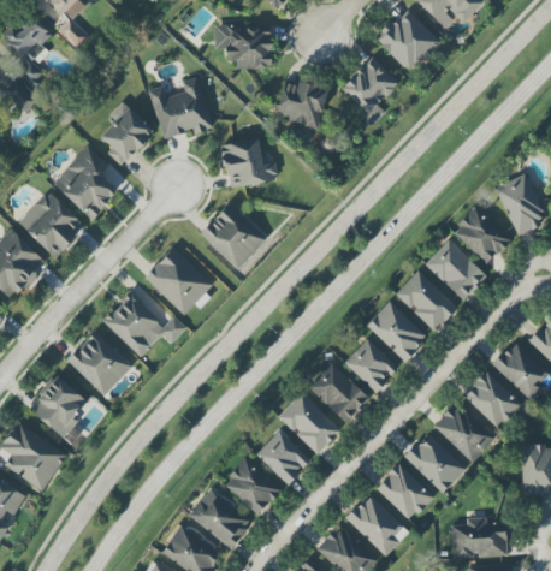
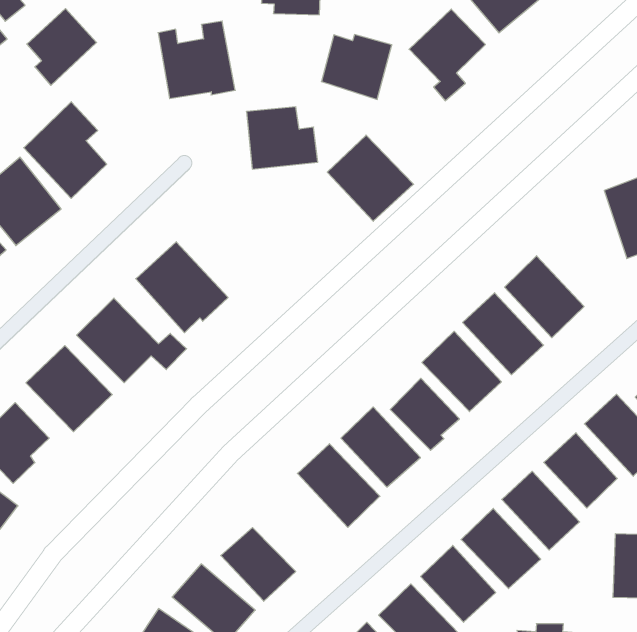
building: [100,107,153,166] -> [27,9,97,85]
building: [200,204,266,269] -> [327,135,414,221]
building: [452,208,510,264] -> none
building: [255,430,310,484] -> none

